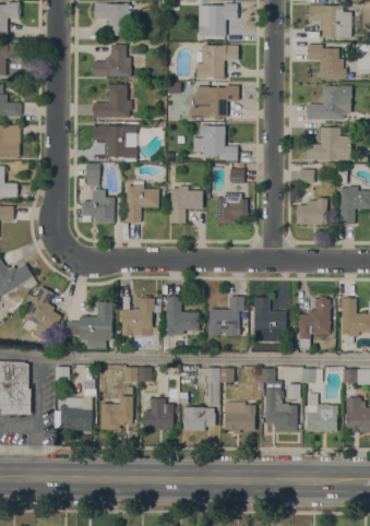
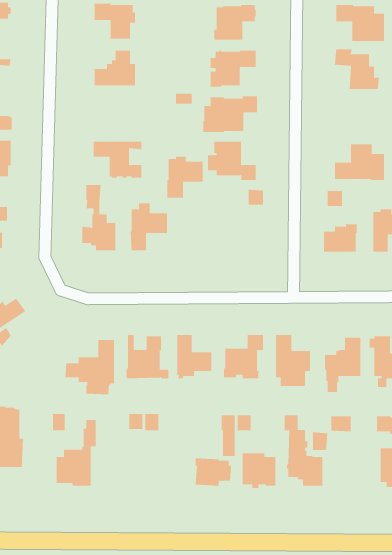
building: [94,84,132,117] -> none
building: [308,85,353,119] -> none
building: [170,186,203,223] -> [167,156,204,198]
building: [216,193,248,224] -> none
building: [24,286,62,340] -> none
building: [307,394,338,431] -> none
building: [100,396,133,429] -> none
building: [143,398,174,430] -> none

